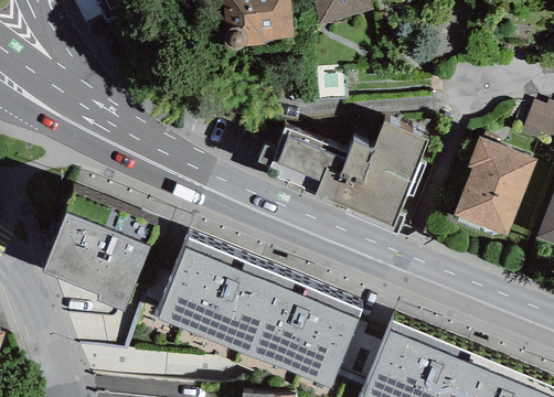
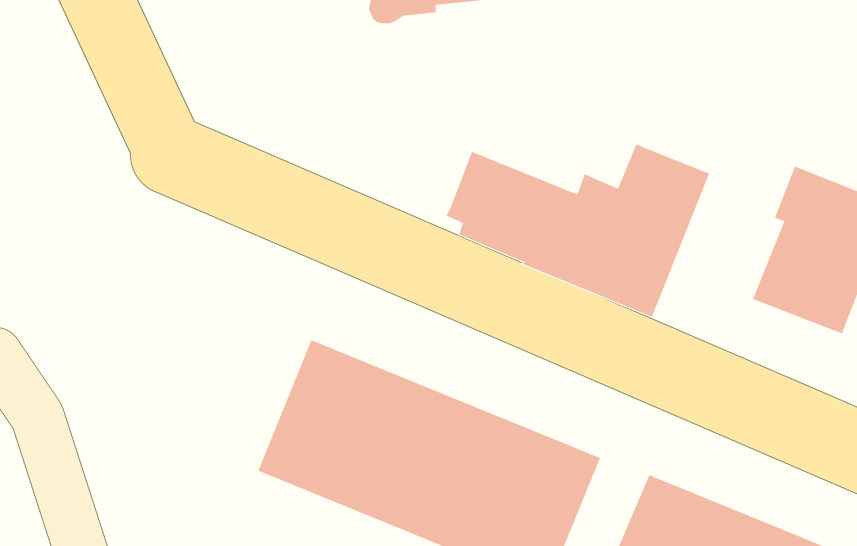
building: [43,193,158,311] -> none

